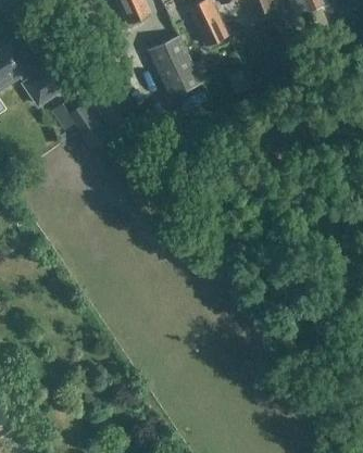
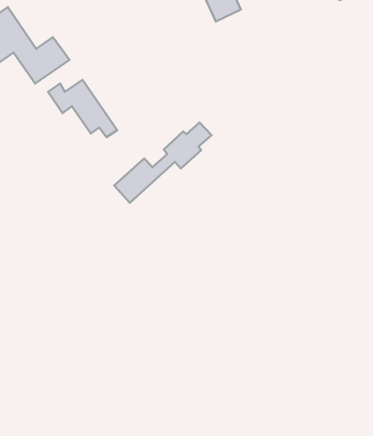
building: [149,35,203,97] -> none
building: none -> [114,123,211,203]

